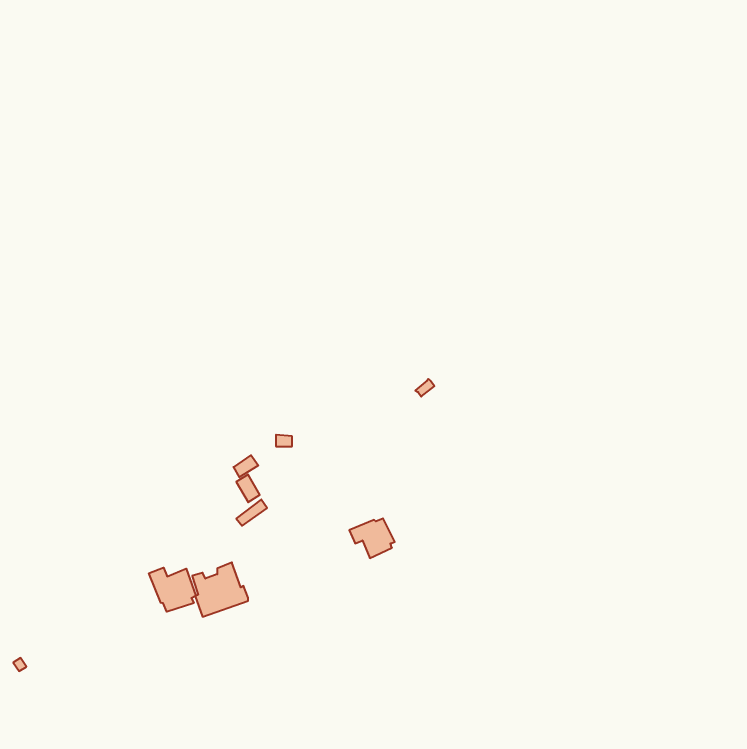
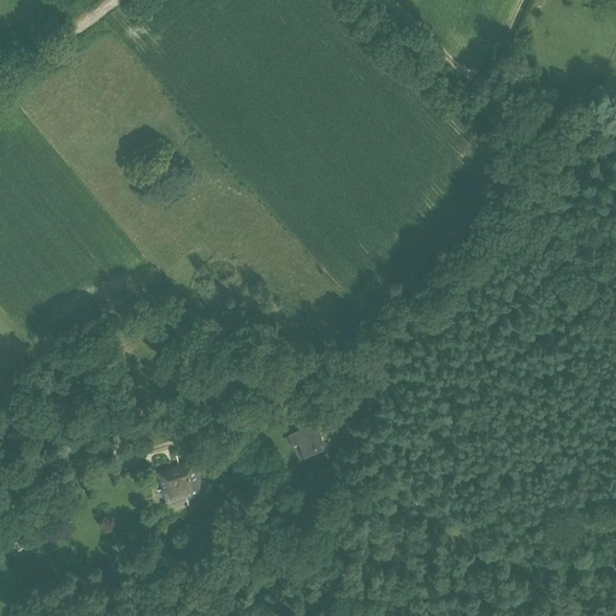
building: [149,568,196,612] -> none

